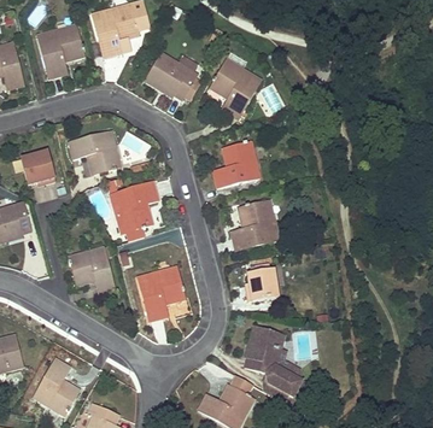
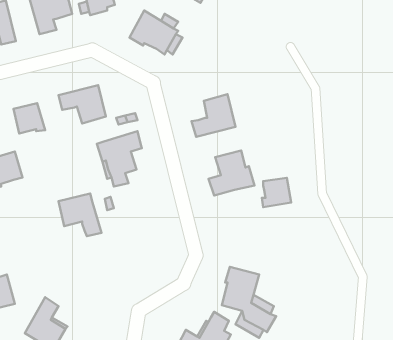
building: [209,53,261,118] -> none
building: [246,269,277,300] -> [262,178,291,207]
building: [136,271,183,321] -> none

